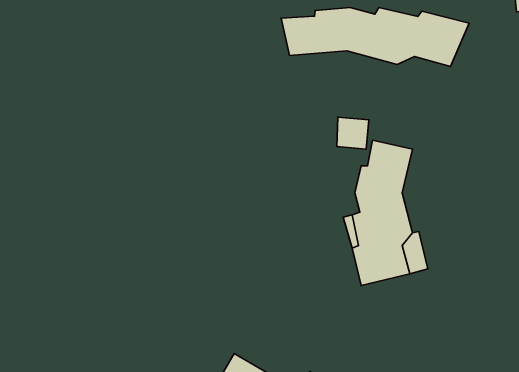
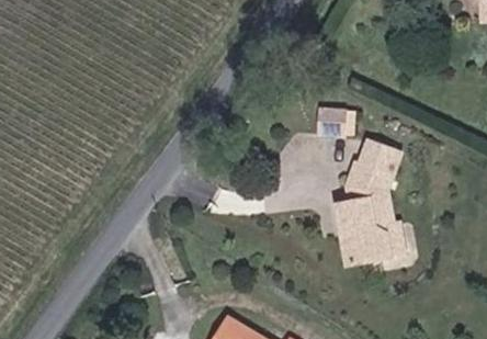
building: [281,7,469,67] -> none

